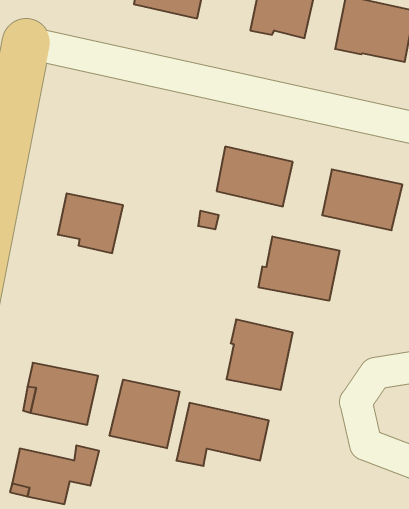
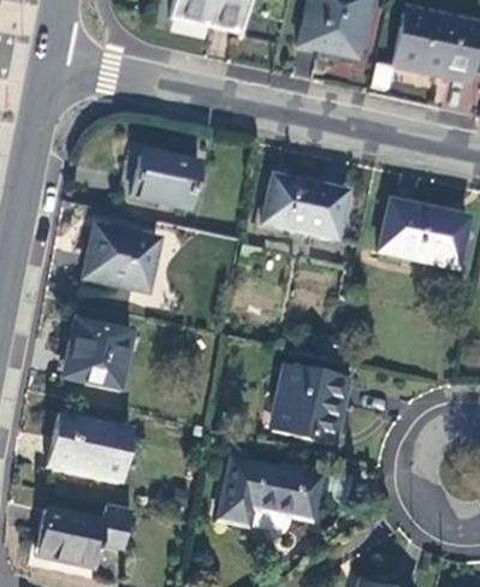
building: none -> [131,155,200,208]
building: [259,236,339,301] -> none
building: none -> [66,318,132,390]
building: [110,380,180,448] -> none

